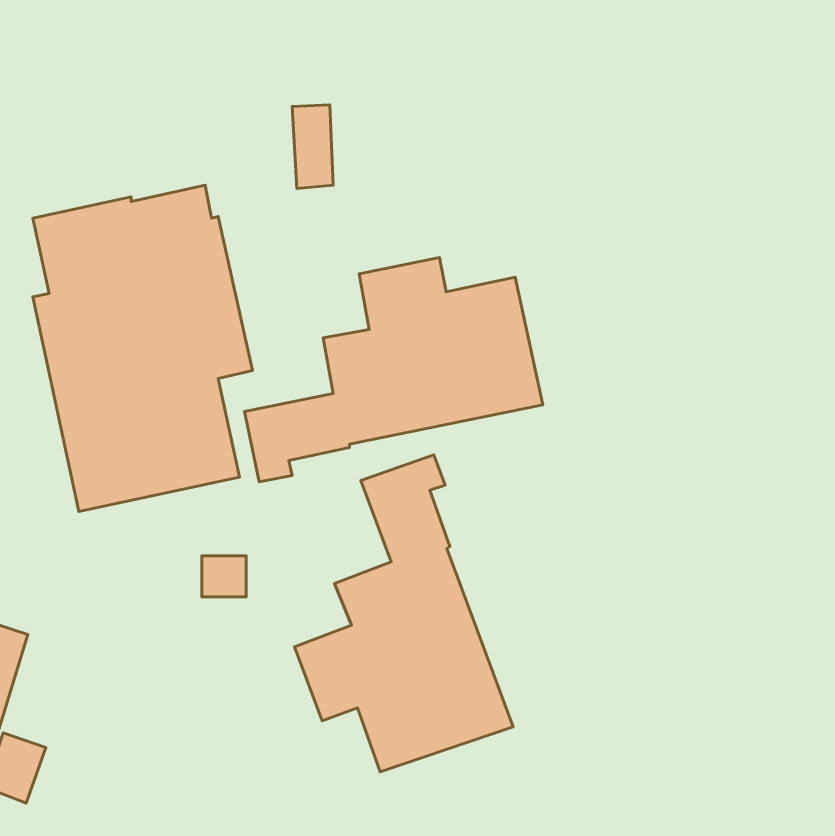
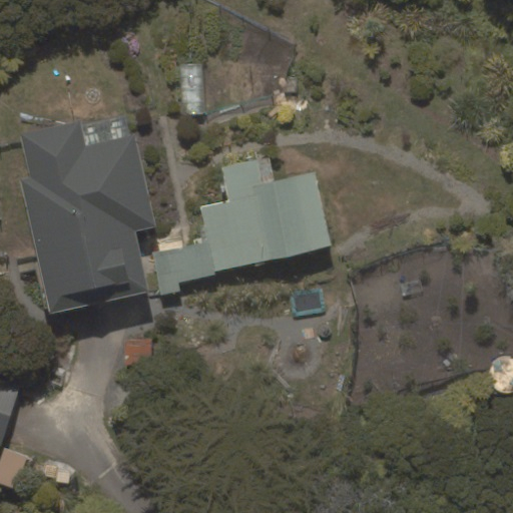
building: [295,455,513,772] -> none

